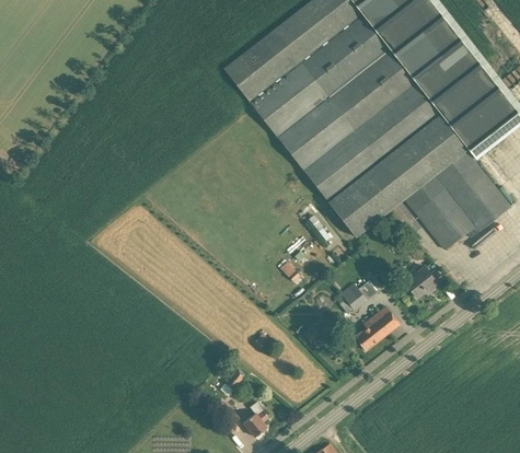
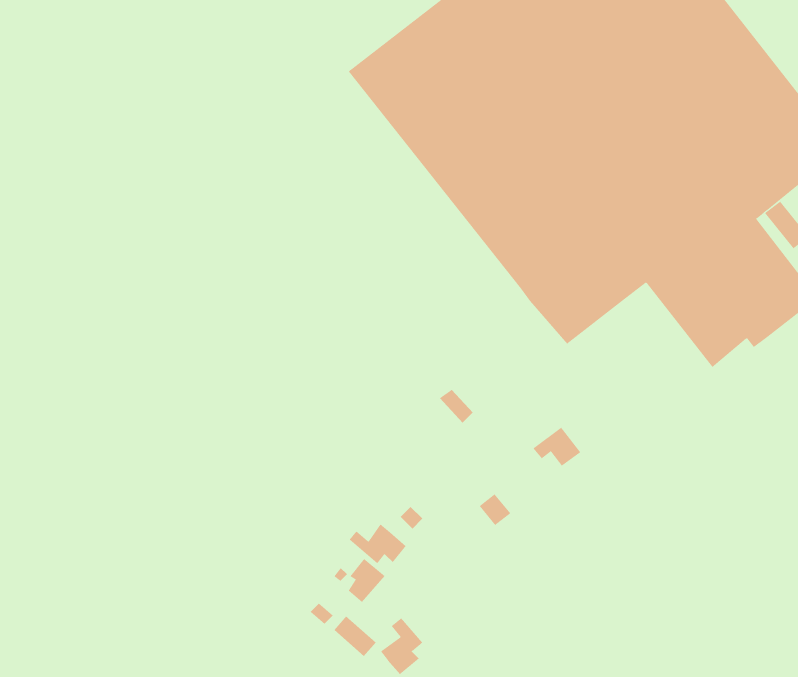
building: [403,267,444,299] -> none
building: [355,307,400,351] -> none
building: none -> [349,524,407,564]

